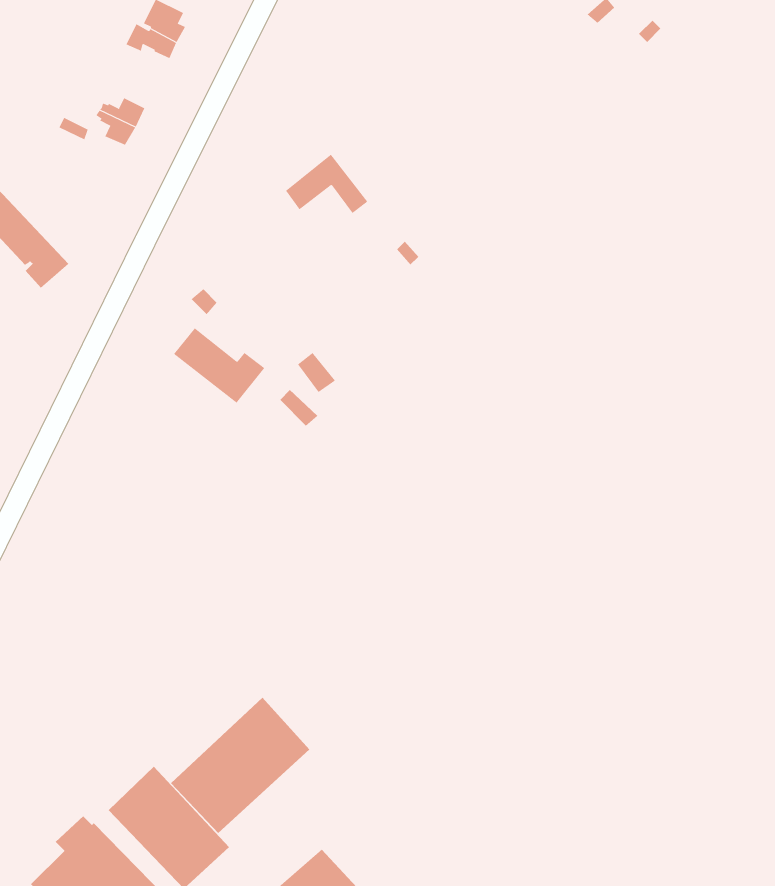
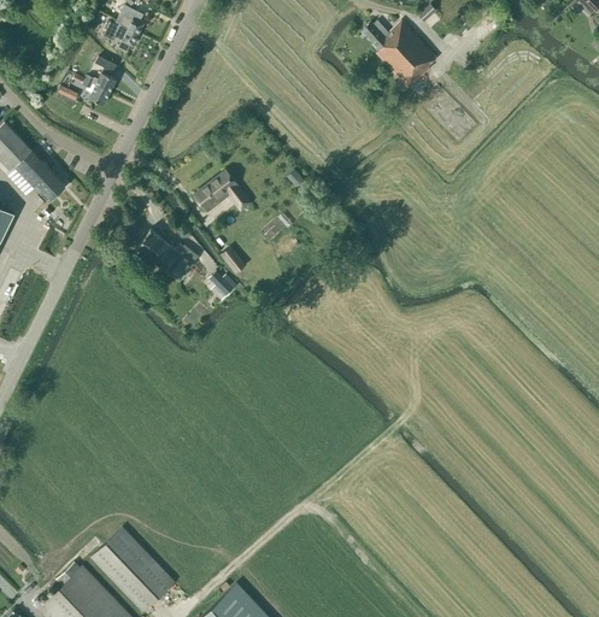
building: none -> [362,20,437,88]
building: [285,154,368,214] -> [195,170,252,211]
building: [170,697,310,834] -> none

